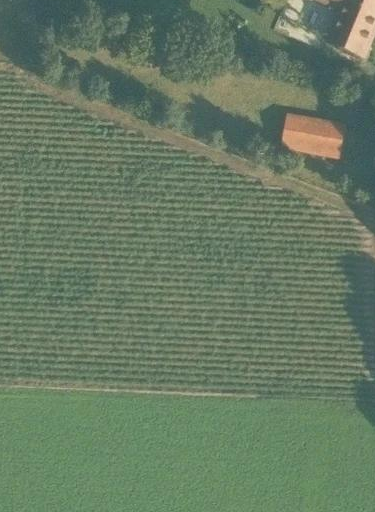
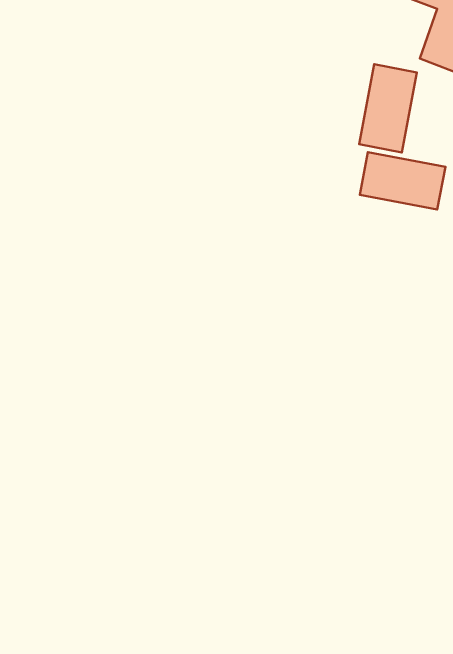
building: none -> [359,64,417,152]

